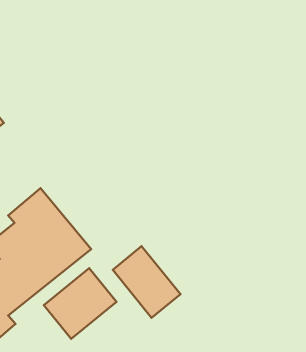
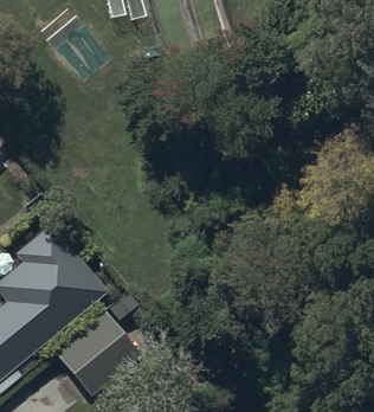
building: [113,246,180,318] -> none

